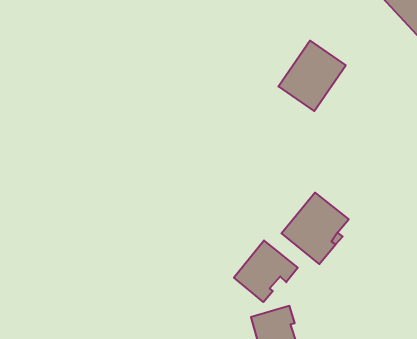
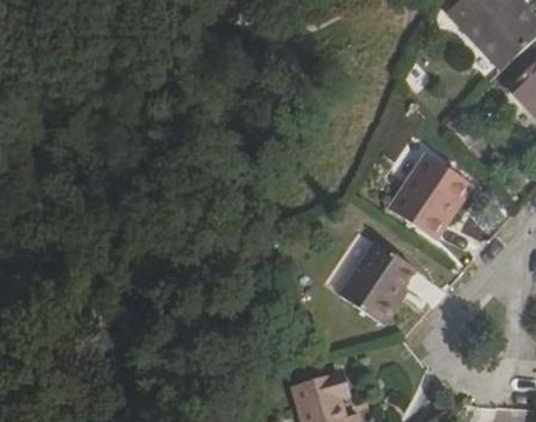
building: [278,41,346,111] -> [386,152,465,234]
building: [234,240,298,302] -> none

